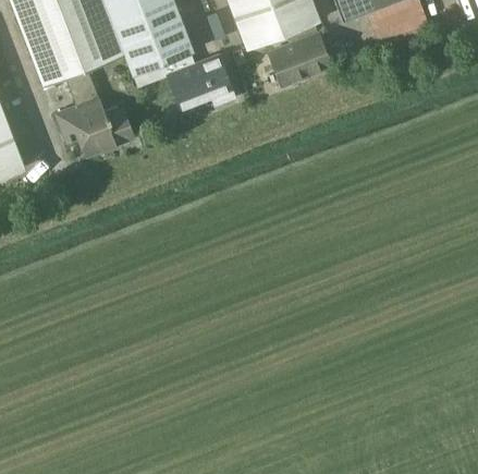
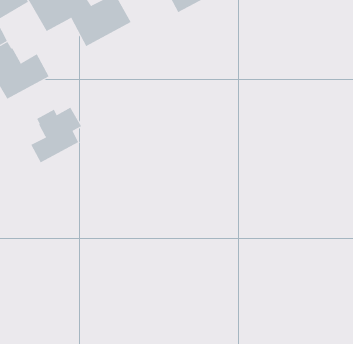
building: none -> [31,107,82,163]

